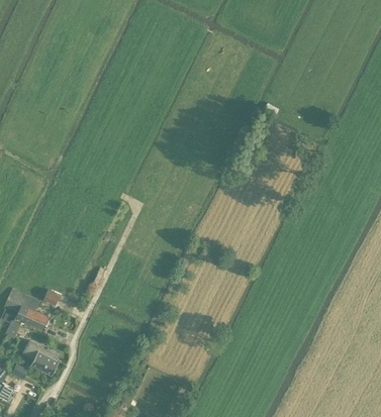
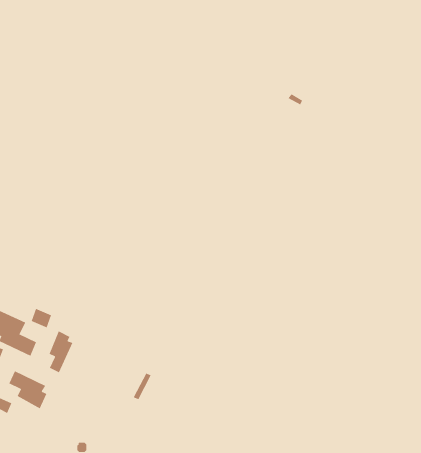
building: none -> [49,331,73,373]

